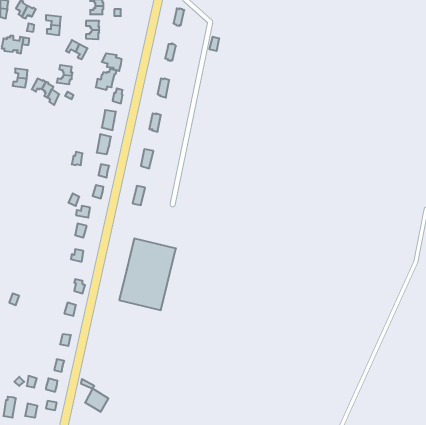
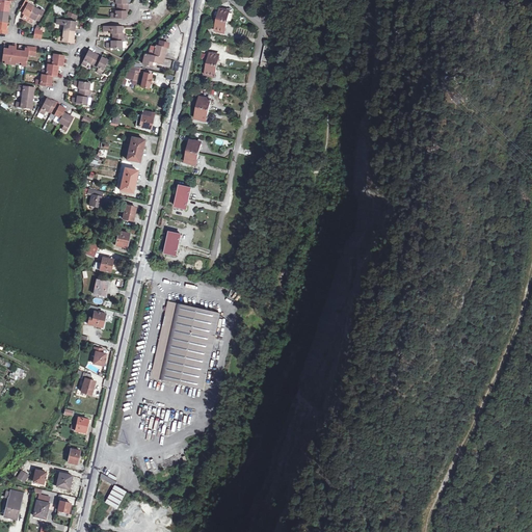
building: none -> [36,54,64,86]
building: [96,69,117,90] -> [143,42,169,68]

